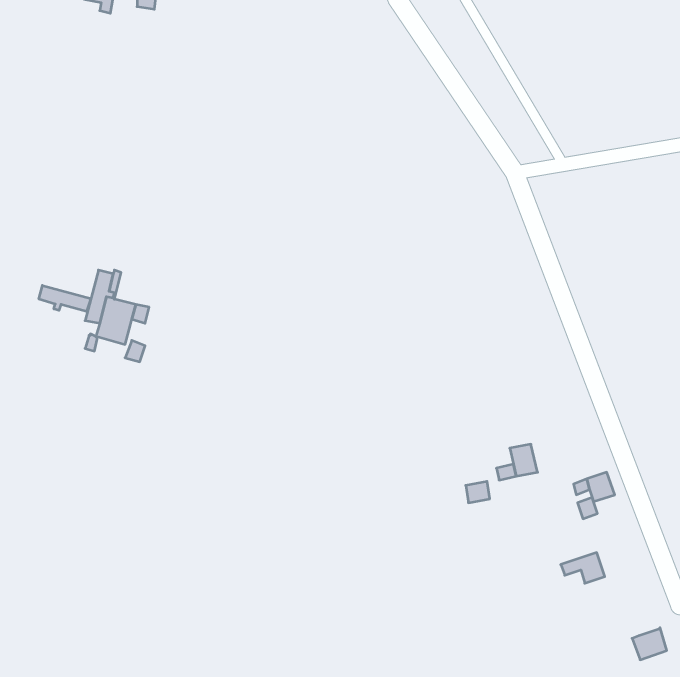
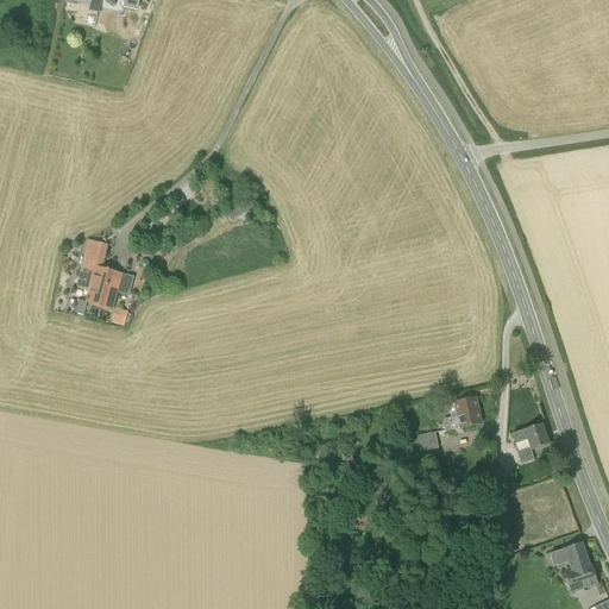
building: [39,285,91,311] -> none
building: [561,553,605,583] -> [550,541,589,569]

